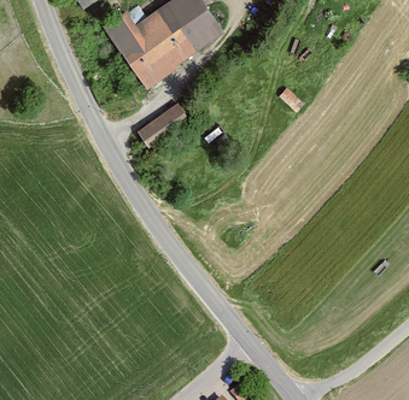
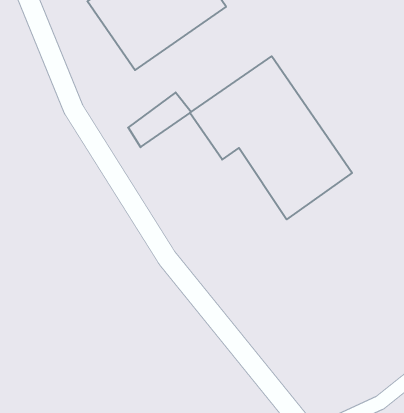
building: none -> [190,56,352,219]

